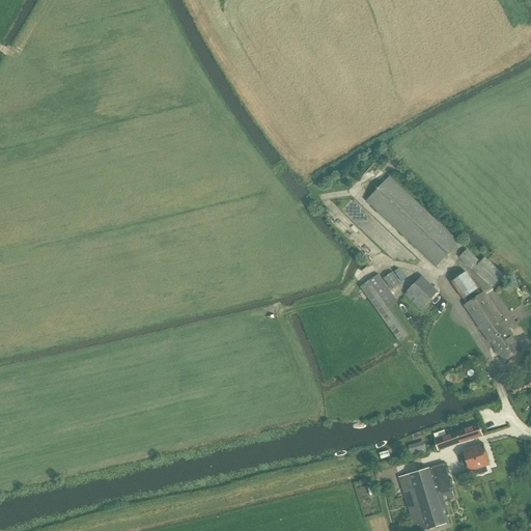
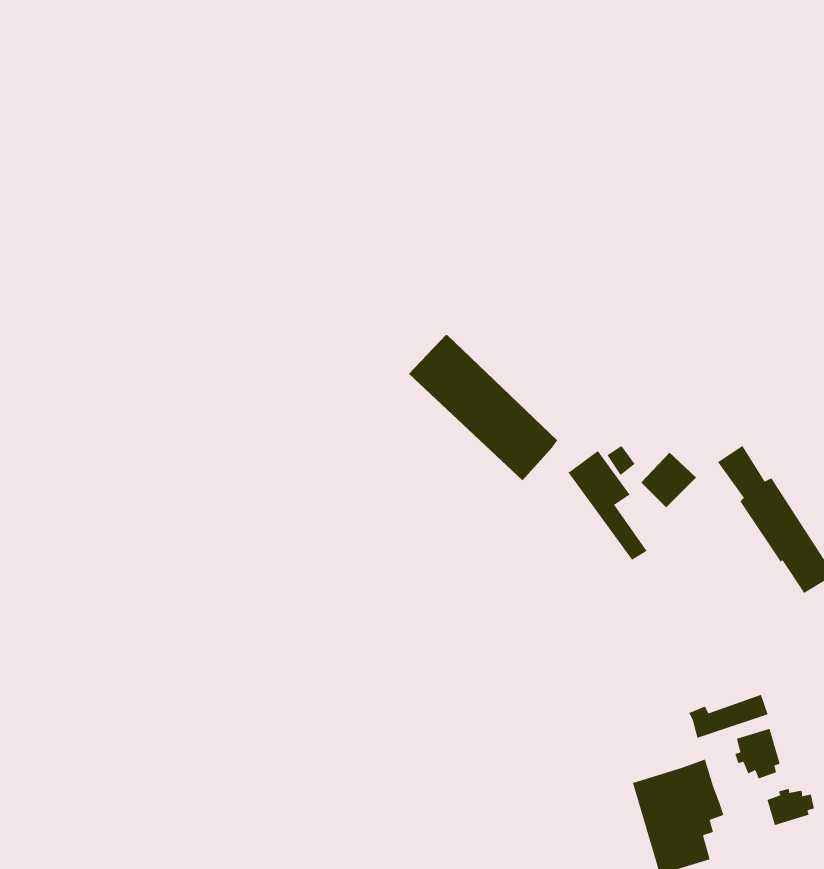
building: [366,176,457,266] -> [408,335,558,481]
building: [458,249,502,287] -> none
building: none -> [767,788,815,826]

